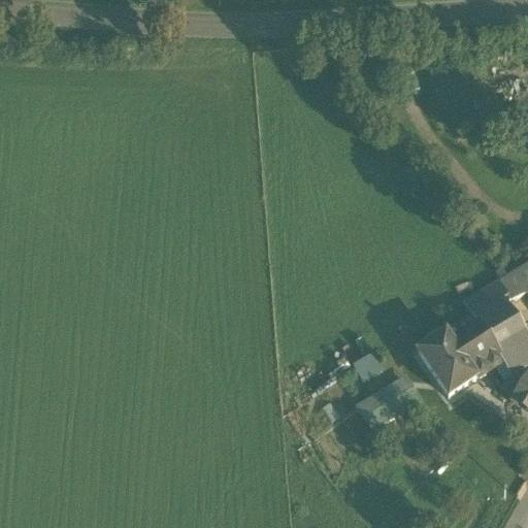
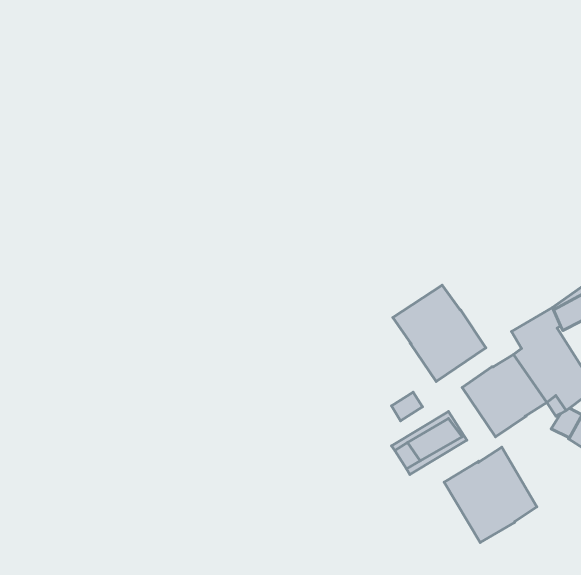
building: none -> [393,285,486,381]
building: none -> [444,447,537,542]

